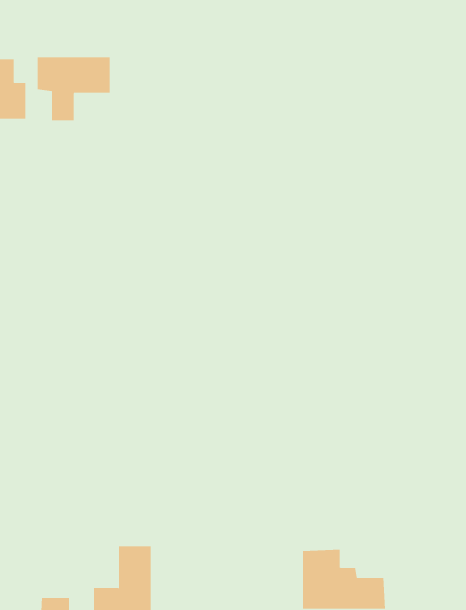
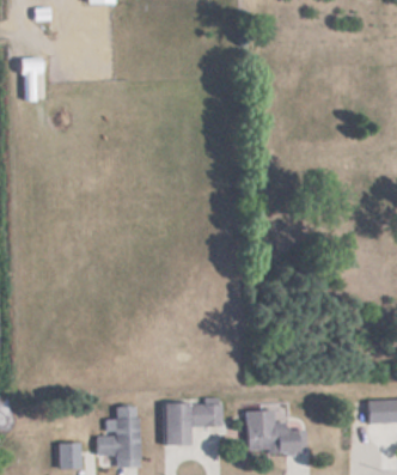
building: [37,57,110,121] -> none
building: none -> [163,402,222,444]

